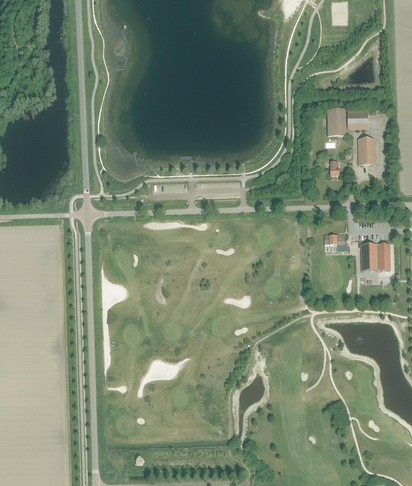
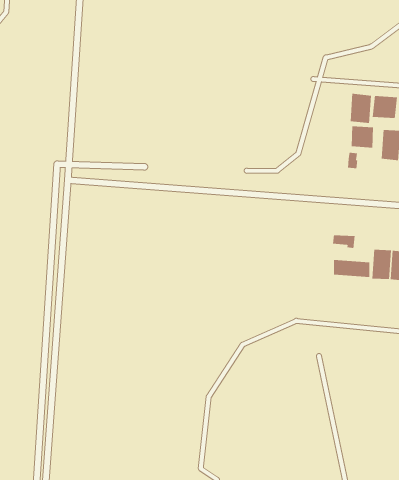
building: none -> [351,125,374,148]
building: none -> [333,259,370,278]

